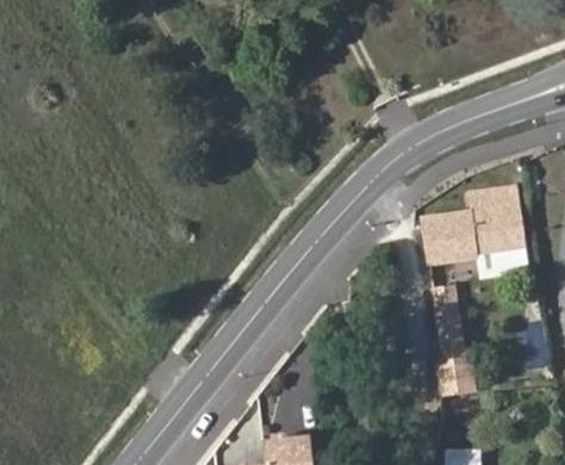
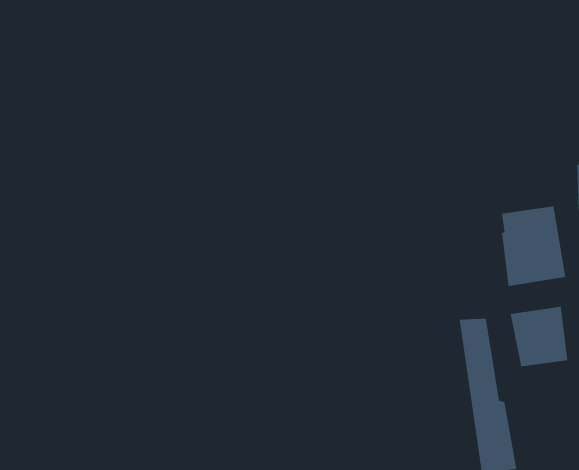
building: [423,212,476,267] -> [510,306,568,367]

